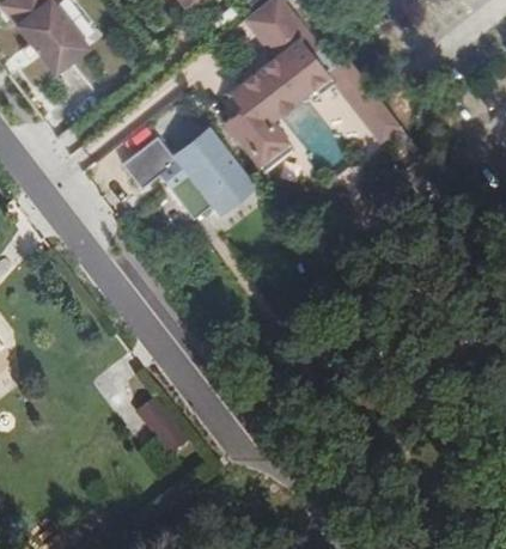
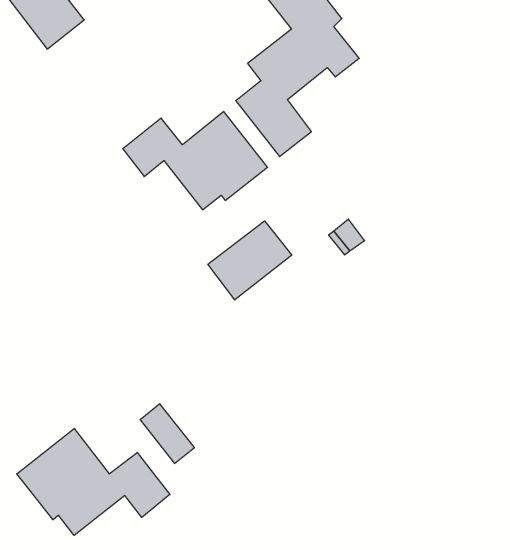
building: none -> [208,221,292,300]
building: none -> [17,428,170,535]

